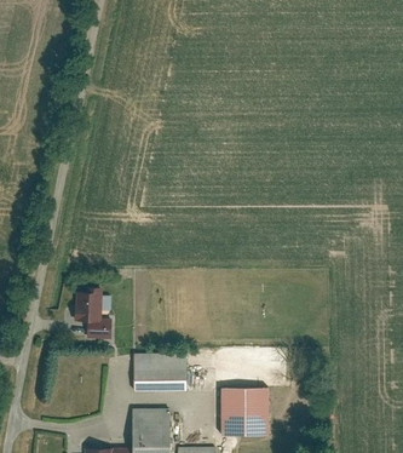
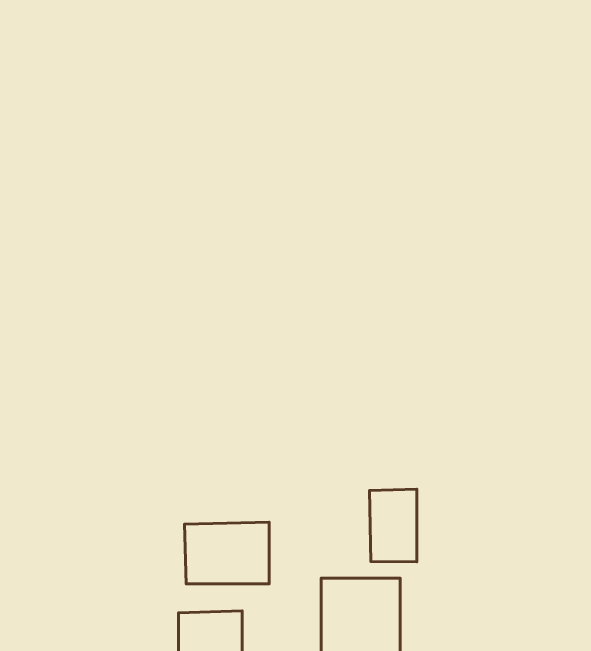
building: [74,287,111,339] -> none
building: none -> [369,489,417,562]

